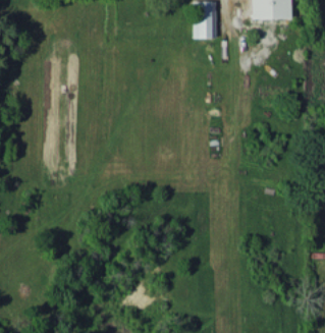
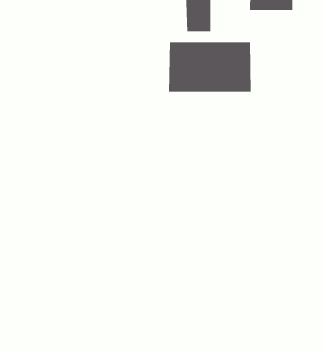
building: none -> [169,41,251,92]

